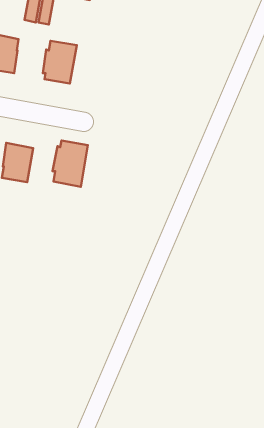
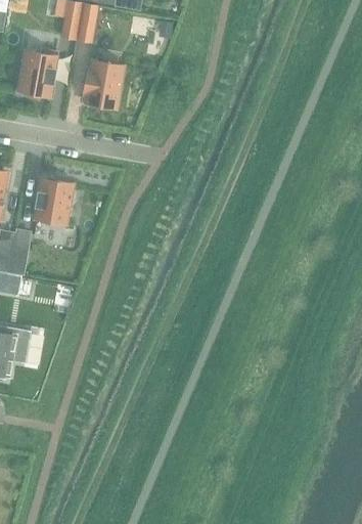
building: [52,141,88,187] -> none

